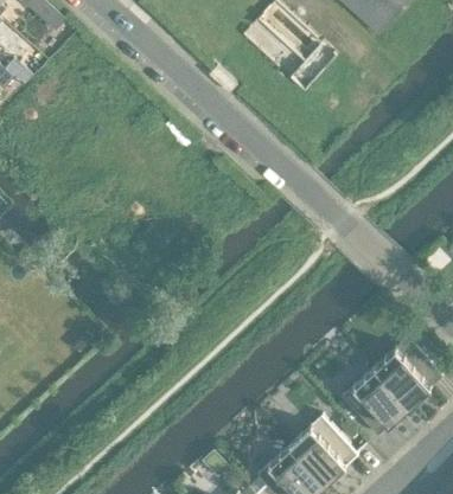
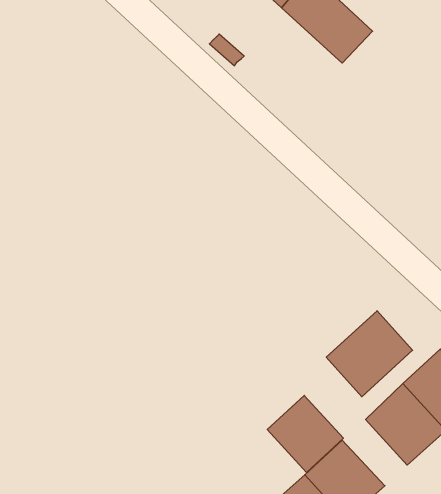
building: none -> [326,311,413,397]
building: none -> [267,395,343,472]

